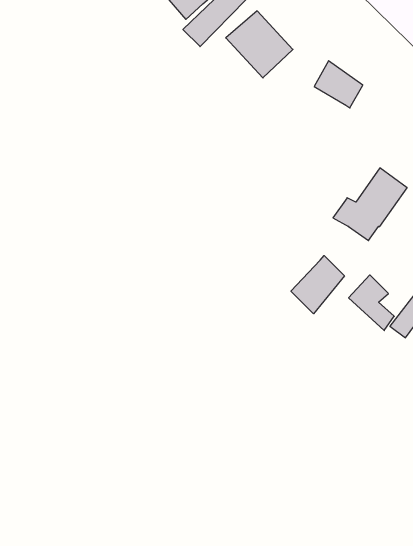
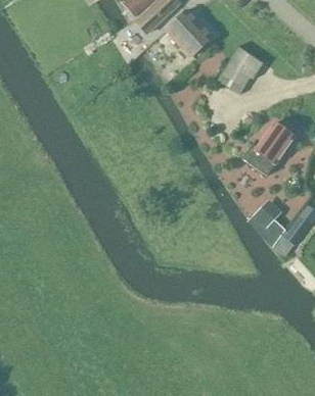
building: none -> [218,64,251,95]
building: [291,256,344,314] -> none

